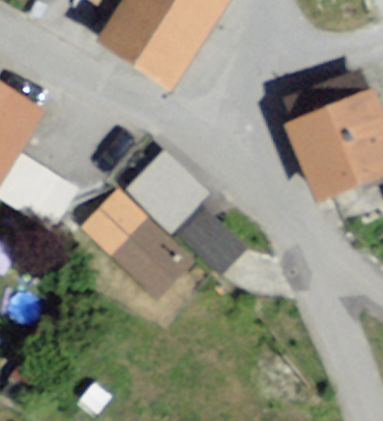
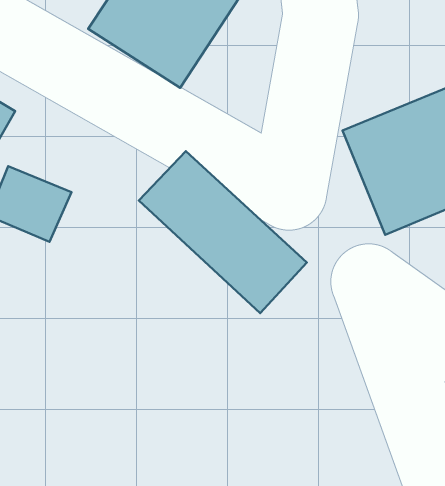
building: [83,174,200,290] -> none

